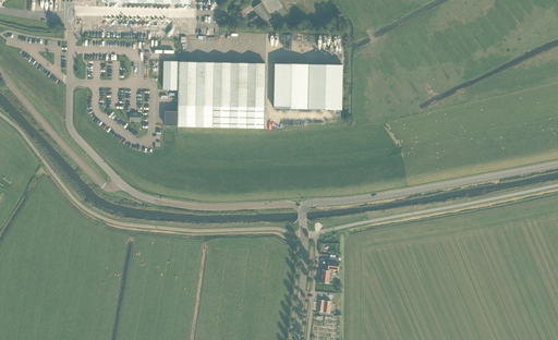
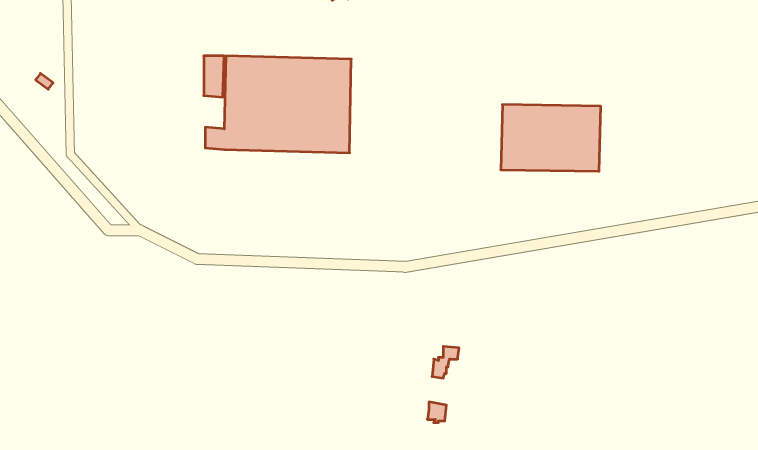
building: [272,63,341,109] -> [501,105,601,171]

